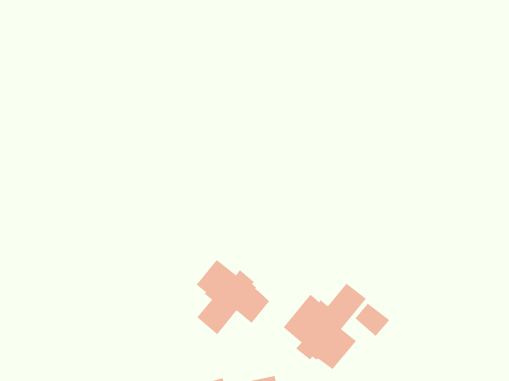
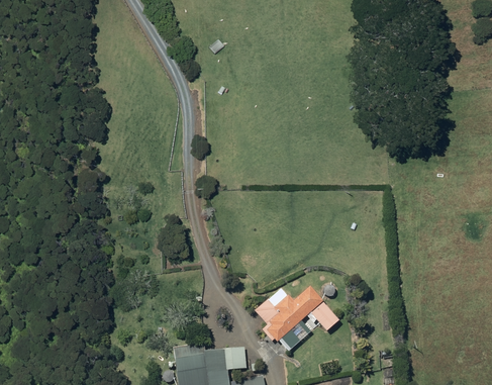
building: [196,259,270,335] -> none

